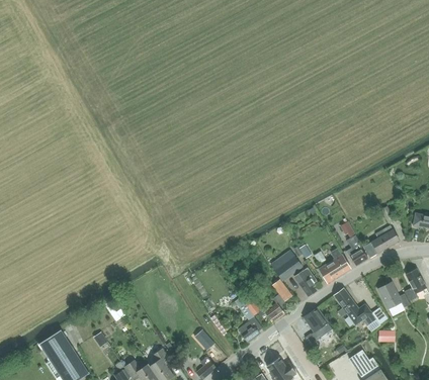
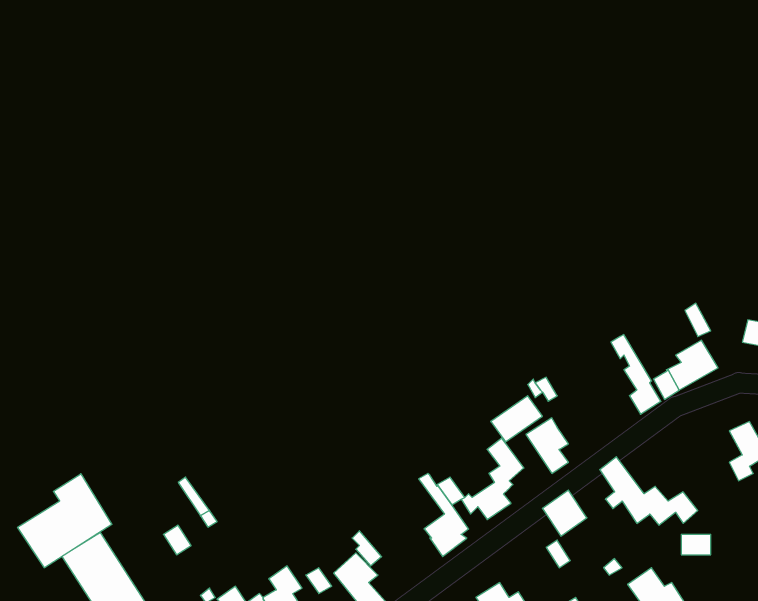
building: [318,247,349,280] -> none
building: [377,280,410,308] -> none
building: none -> [18,474,112,568]

